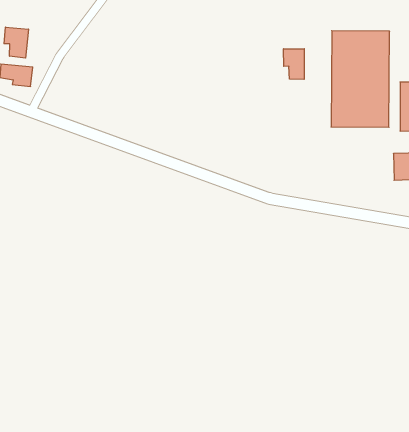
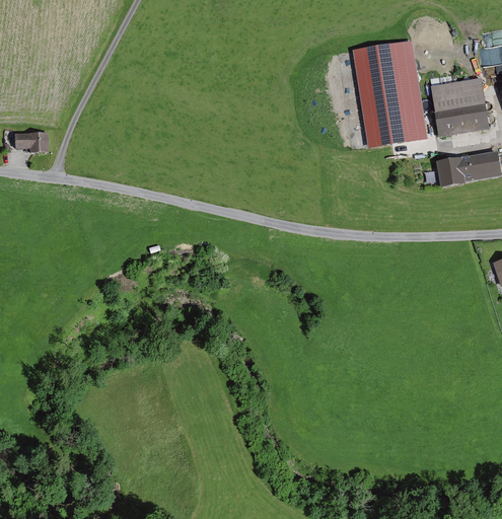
building: [4,27,28,58] -> none
building: [284,49,304,79] -> none

